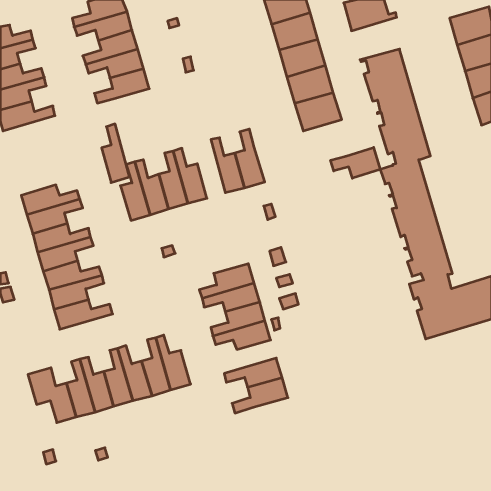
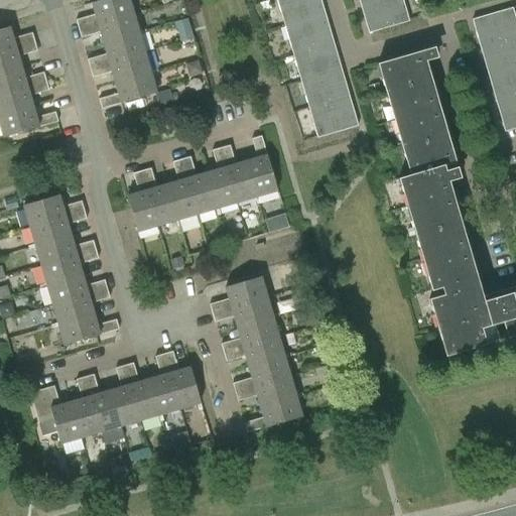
building: [102,124,129,183] -> [208,146,237,208]
building: [331,147,380,178] -> none
building: none -> [233,356,290,391]

